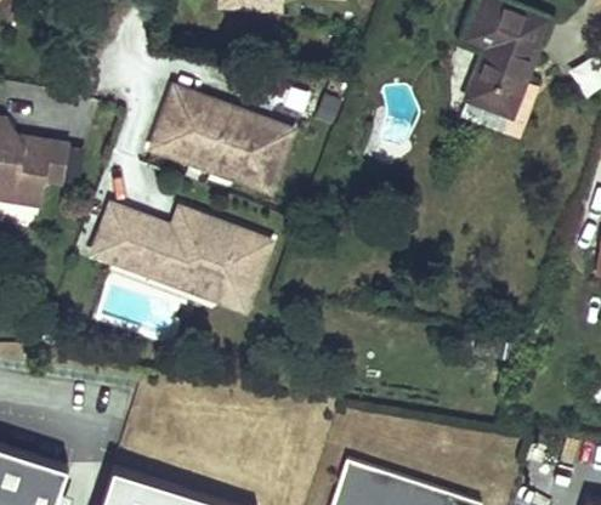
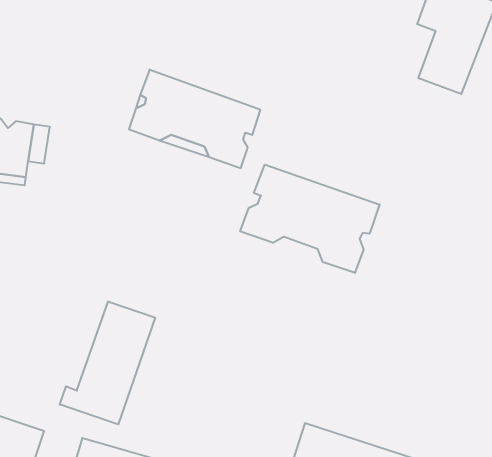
building: none -> [240,165,380,273]
building: [102,204,277,307] -> none
building: none -> [60,301,155,424]

